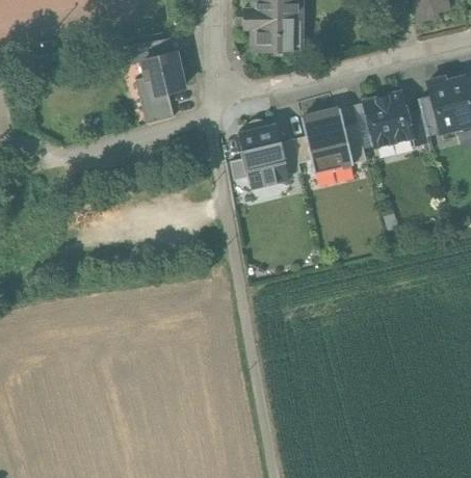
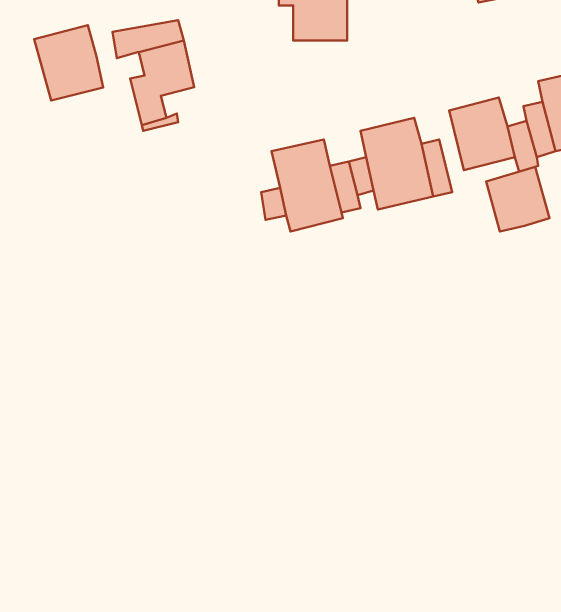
building: none -> [34,25,103,101]
building: none -> [486,167,550,232]

